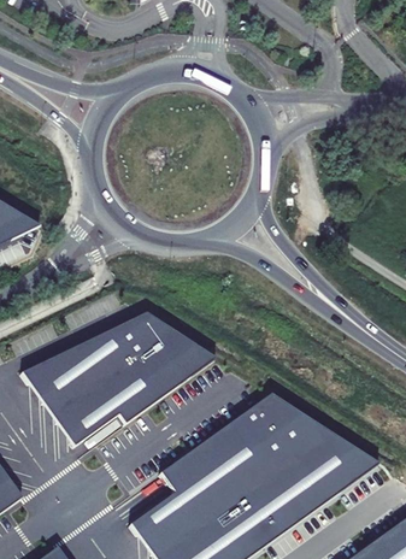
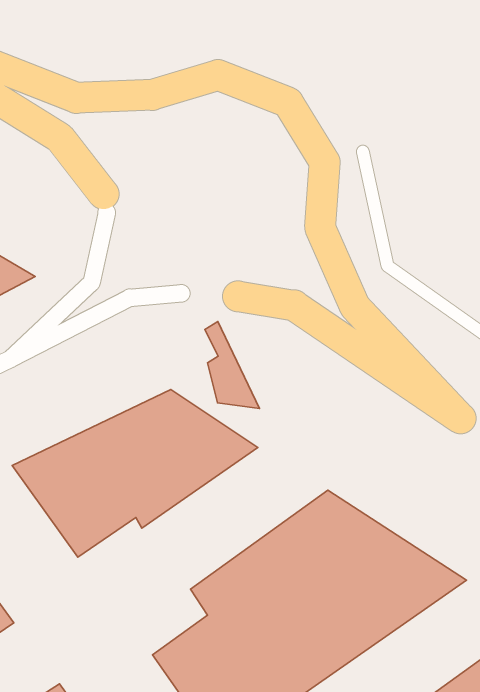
building: none -> [205,322,260,408]

